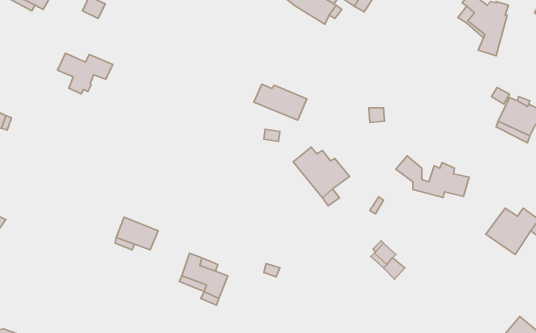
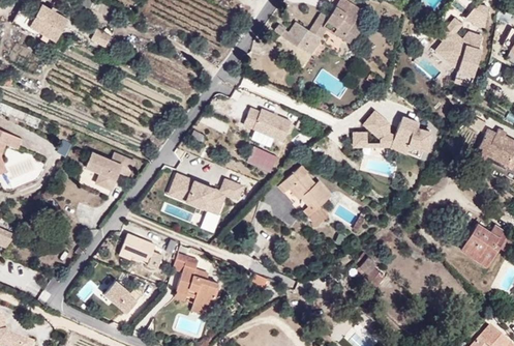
building: [57,53,113,94] -> [88,153,139,191]
building: none -> [171,174,246,217]
building: [396,156,469,197] -> [362,110,429,148]
building: none -> [108,280,143,315]

